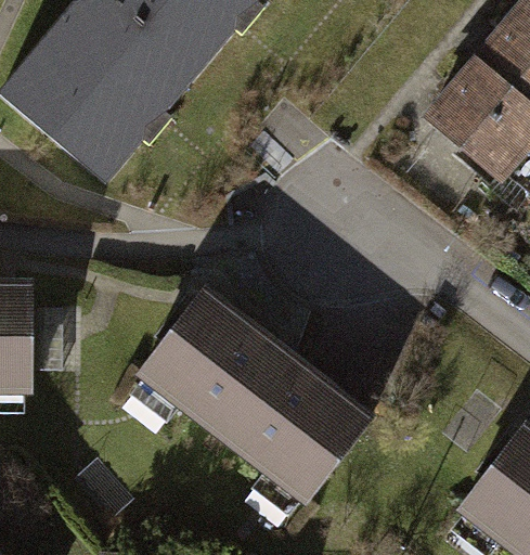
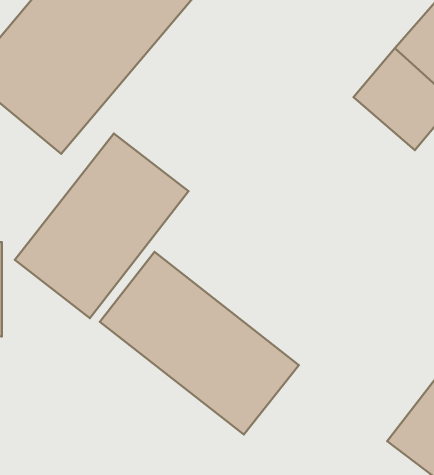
building: none -> [15,133,188,318]

